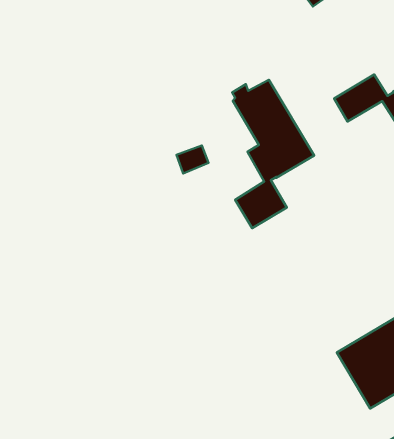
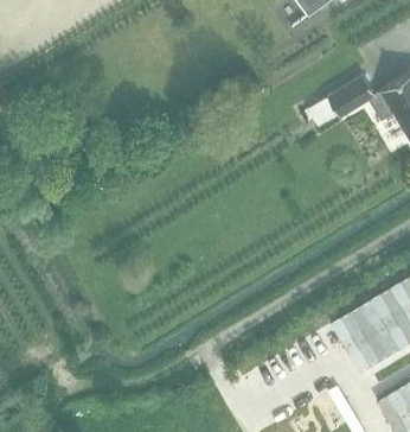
building: [232,80,314,228] -> none

